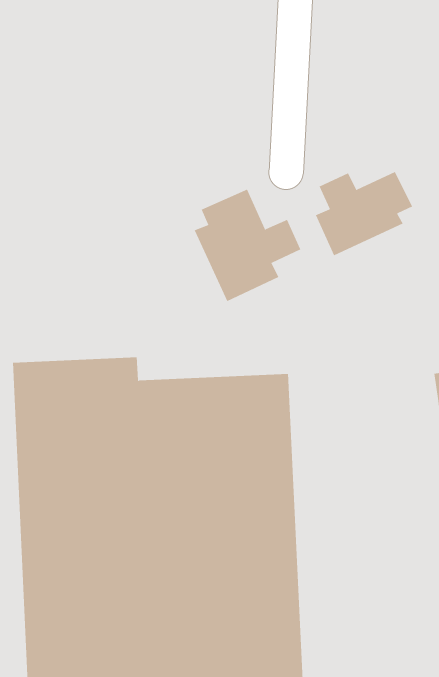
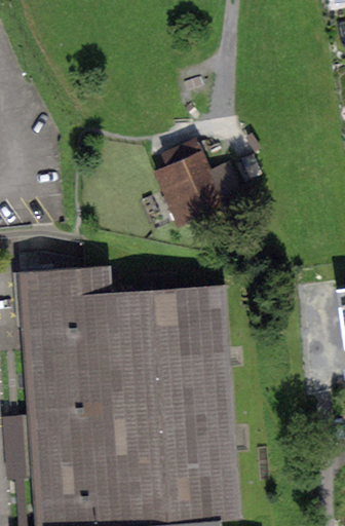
building: [315,171,413,256] -> none

